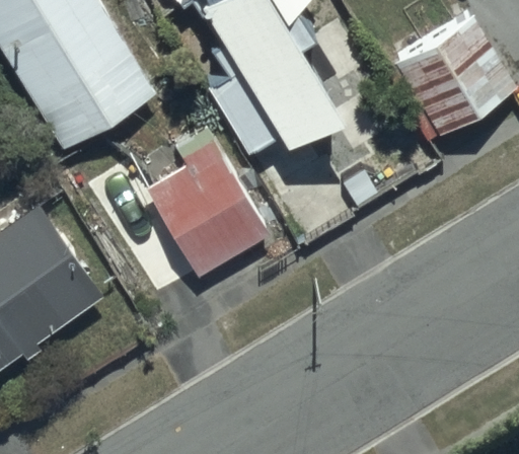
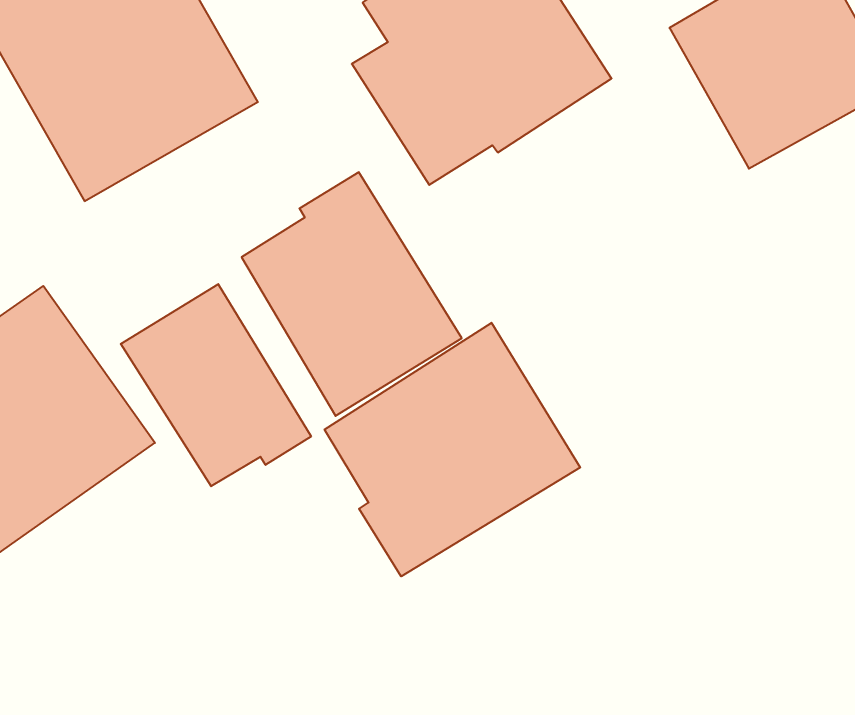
building: none -> [121,284,311,486]
building: none -> [325,323,580,576]

